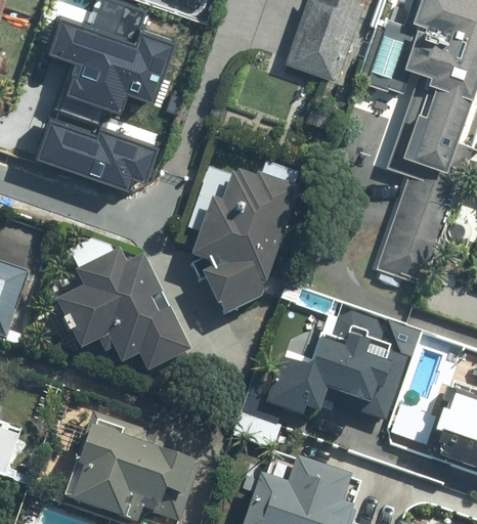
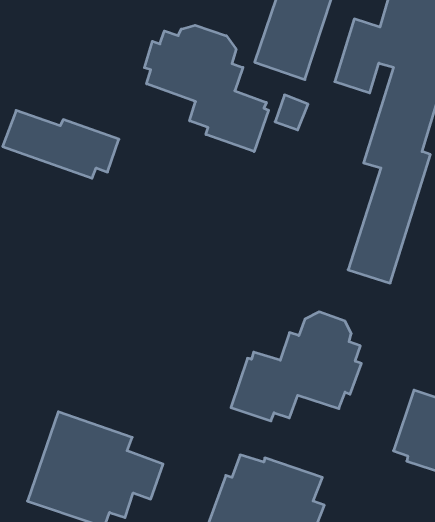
building: [47,11,168,102] -> none
building: none -> [144,25,269,152]
building: [186,166,300,319] -> none
building: [55,251,192,375] -> none

